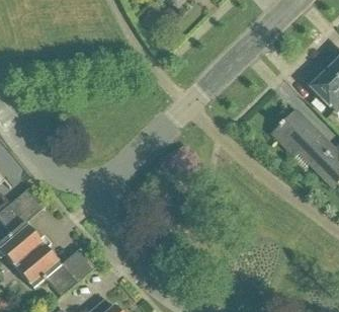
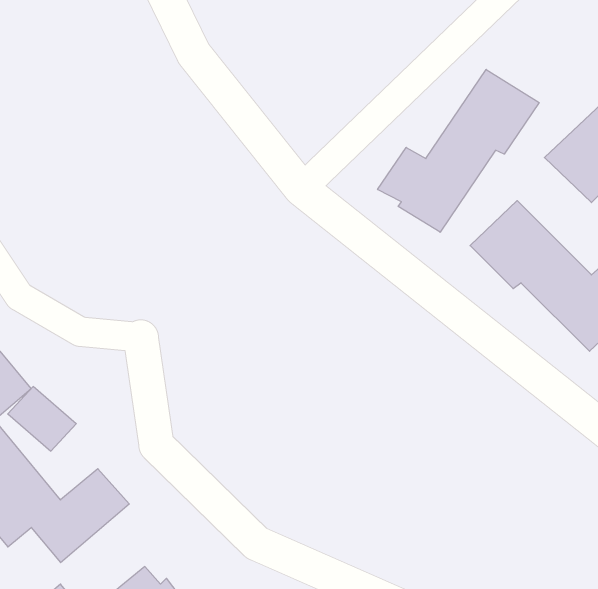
building: none -> [378,69,539,232]

